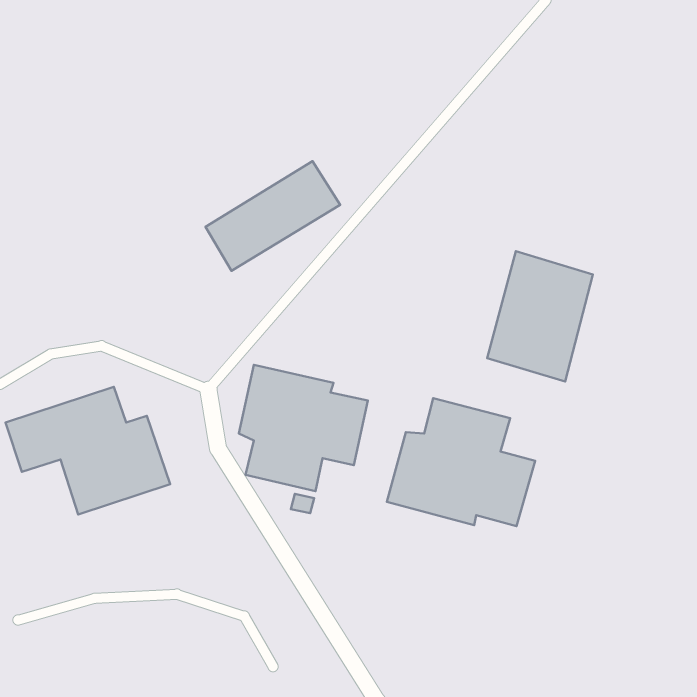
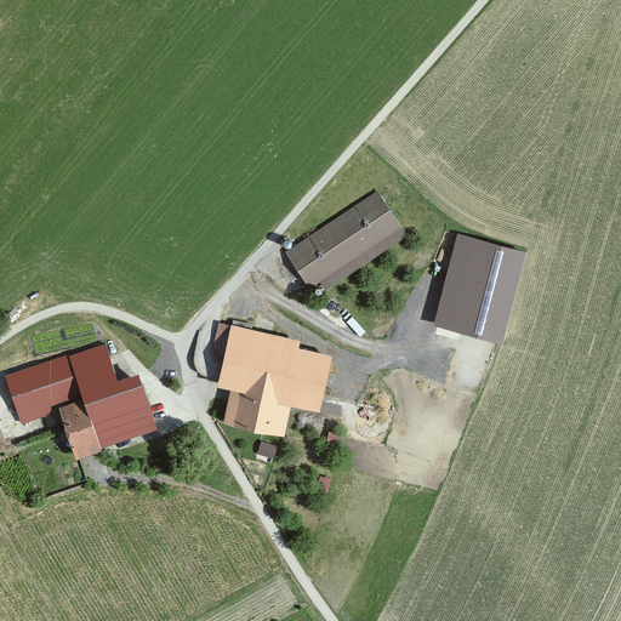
building: [206,161,340,271] -> [285,193,404,290]
building: [387,398,535,526] -> none

